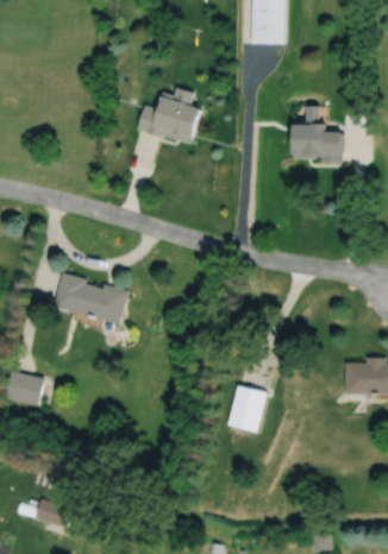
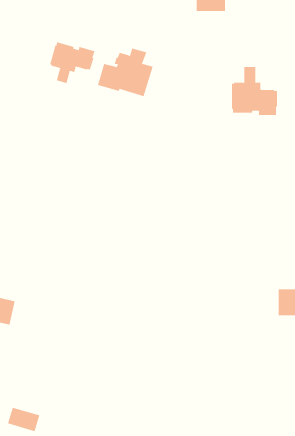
building: none -> [49,42,95,84]
building: [54,272,129,322] -> none
building: [227,383,267,432] -> none

